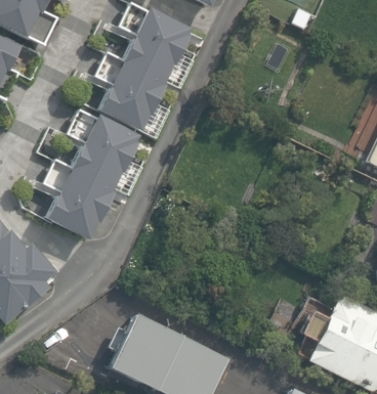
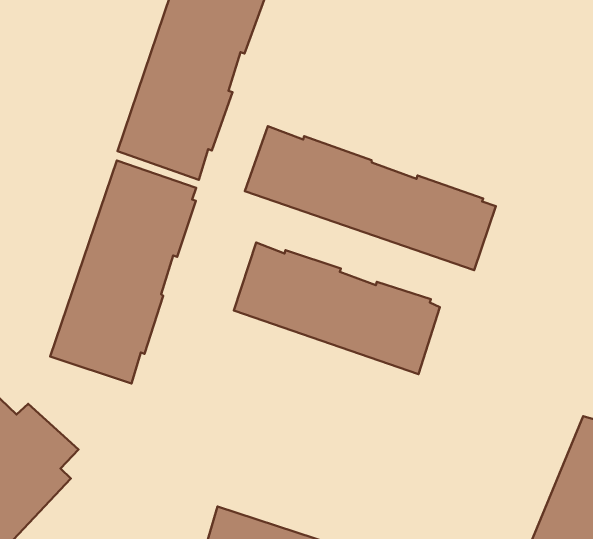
building: none -> [245,126,496,270]
building: none -> [234,243,440,374]

